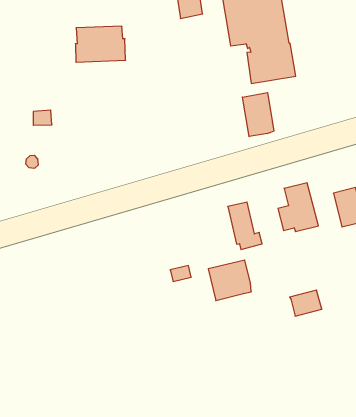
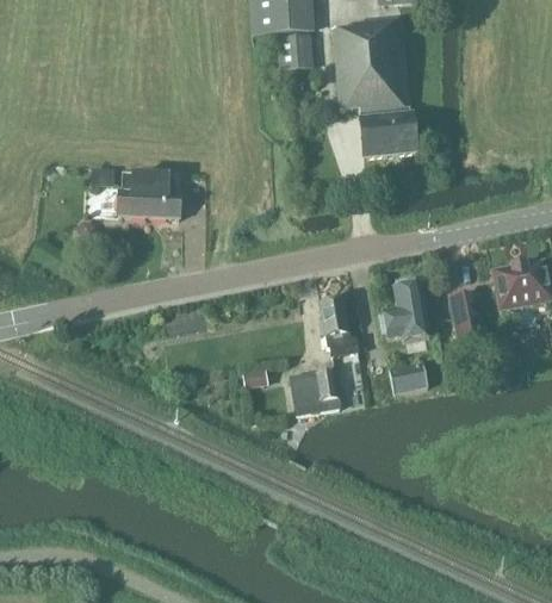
building: [75,26,126,62] -> [118,174,180,218]
building: [242,93,274,137] -> none
building: [290,290,322,316] -> [387,361,426,391]

